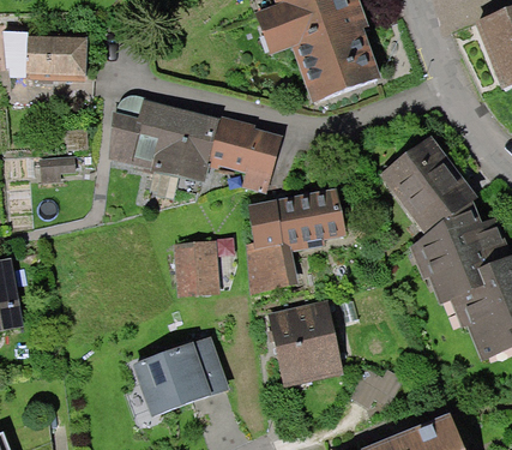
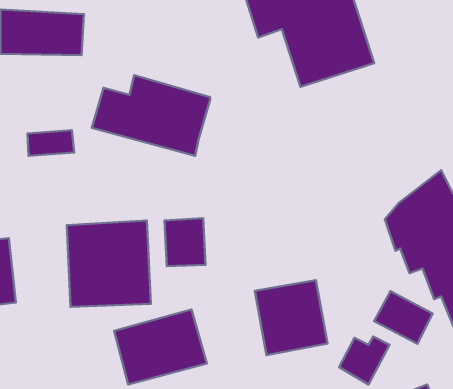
building: [210,120,287,196] -> none
building: [367,127,463,226] -> none
building: [243,194,350,292] -> none
building: none -> [67,221,151,307]
building: none -> [374,291,433,344]

